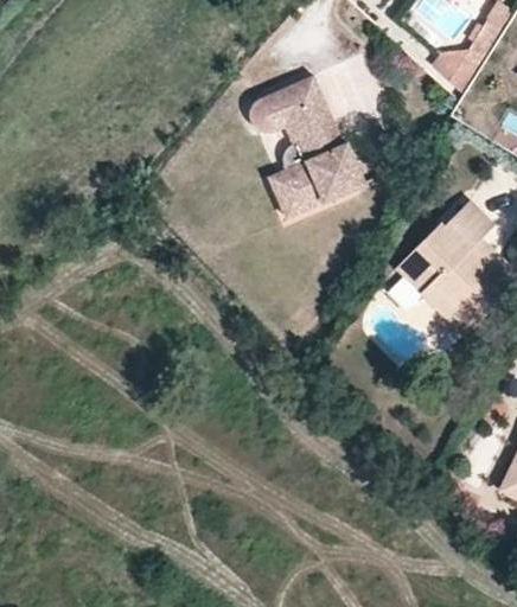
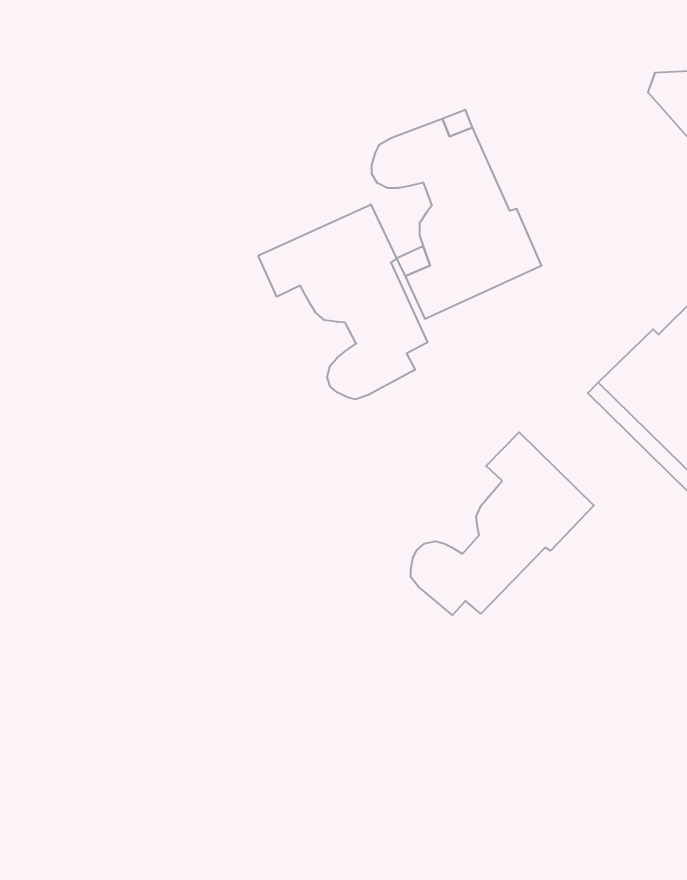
building: none -> [258,204,428,399]
building: none -> [411,432,594,615]

